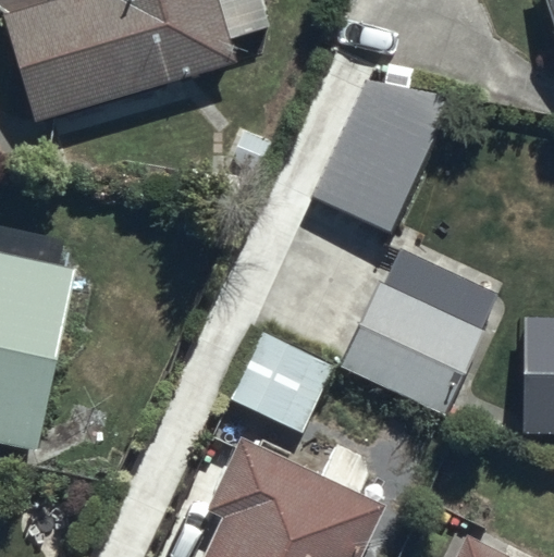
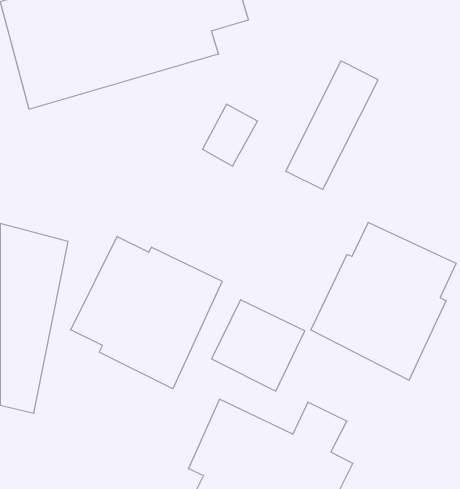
building: none -> [71,236,222,389]

